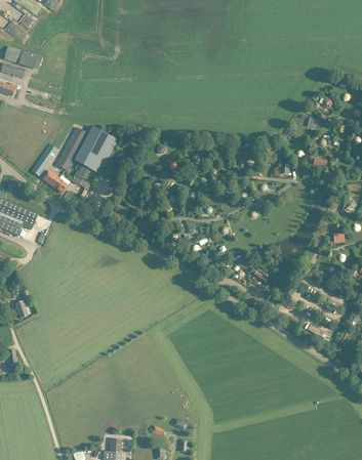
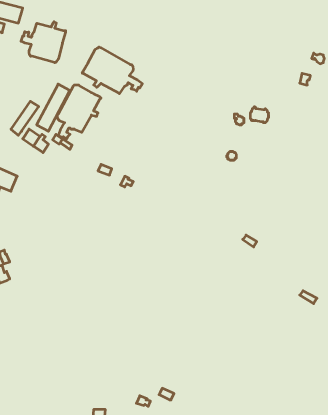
building: none -> [21,22,66,63]
building: none -> [82,47,142,94]

